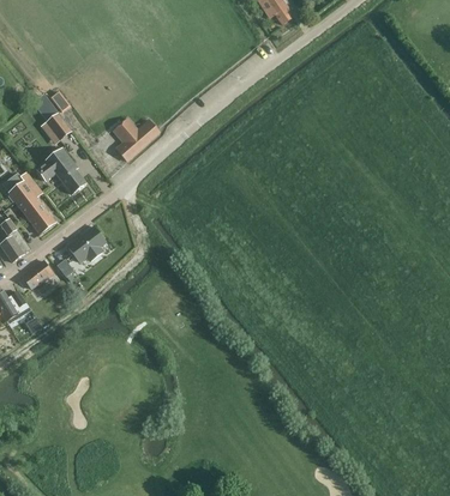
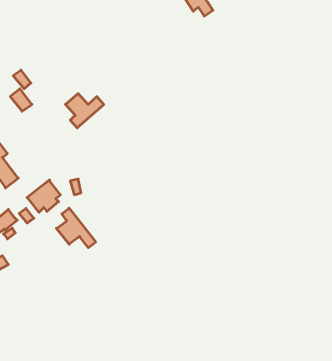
building: [37,147,85,194] -> none
building: none -> [56,208,96,248]

